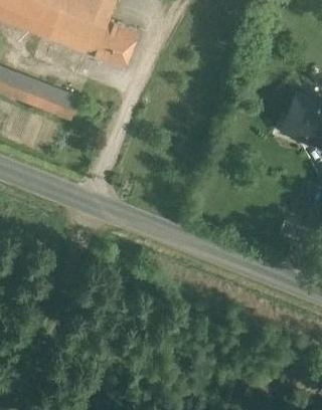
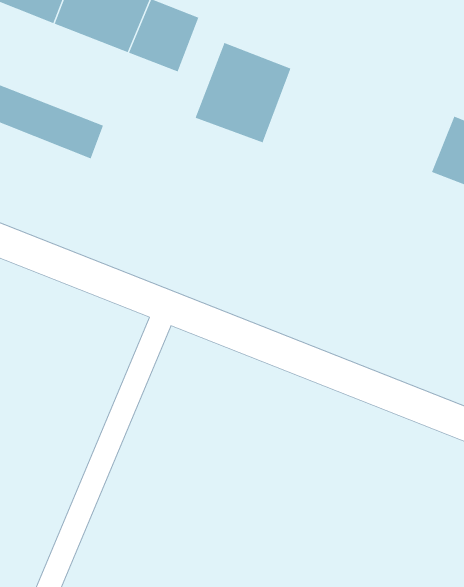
building: none -> [195,42,291,143]

